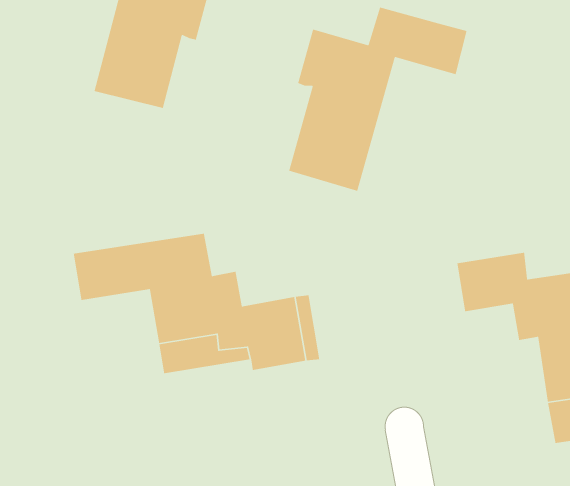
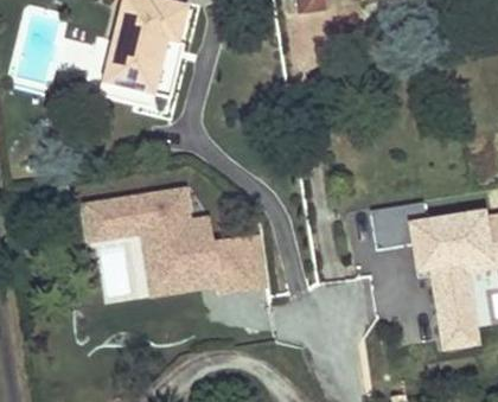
building: [288,6,468,192] -> none

